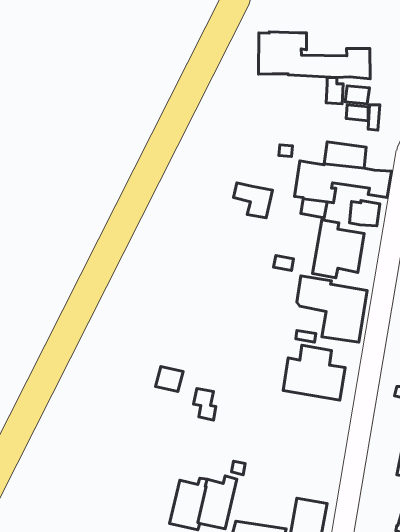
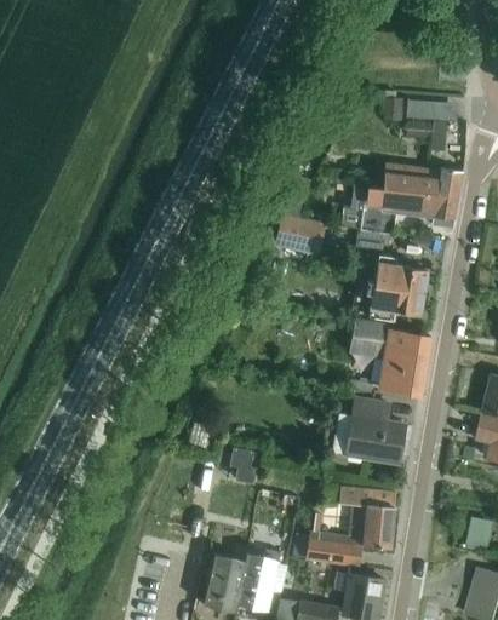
building: [258,32,370,79] -> none
building: [349,201,380,226] -> [428,170,463,199]
building: none -> [308,486,396,566]

